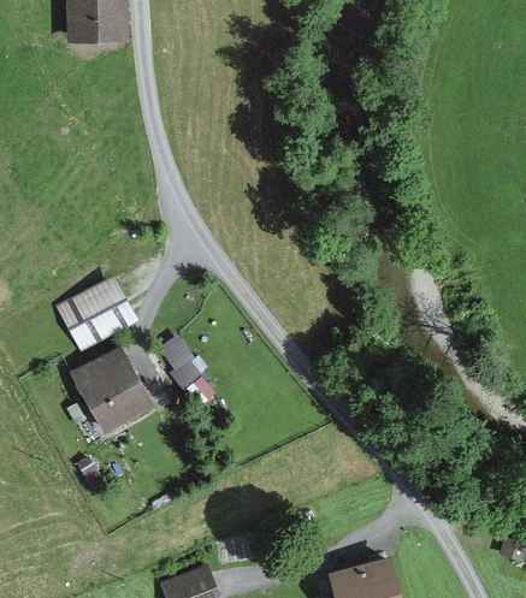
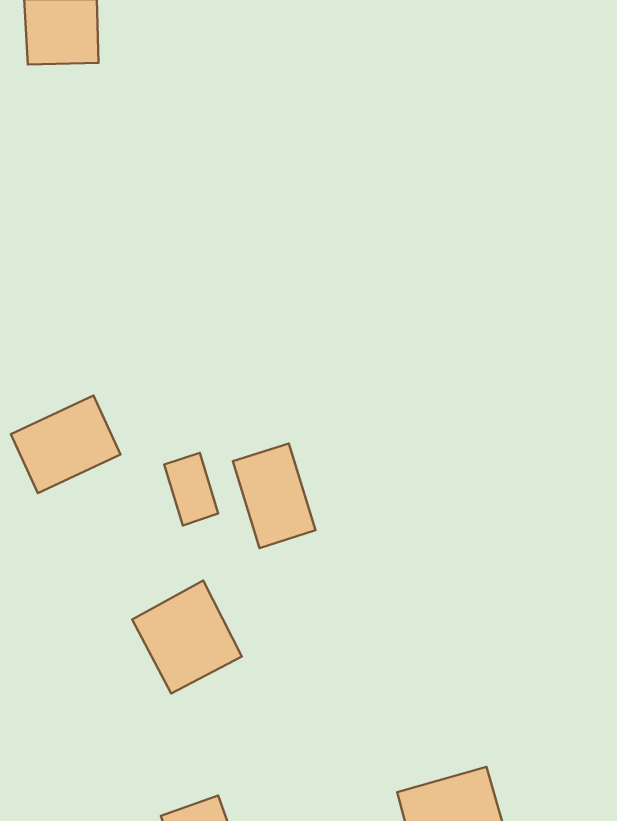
building: none -> [233,443,315,548]
building: [72,350,150,431] -> [132,581,242,694]

